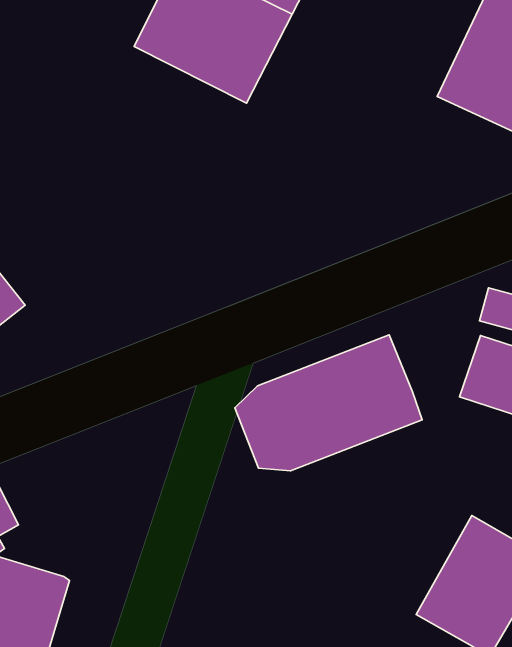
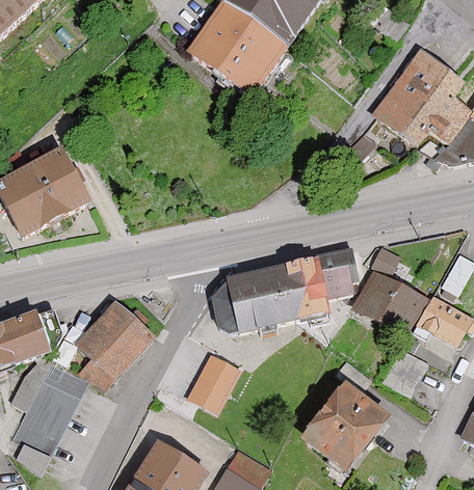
building: none -> [314,245,351,297]
building: none -> [74,299,155,392]
building: none -> [187,352,243,413]

